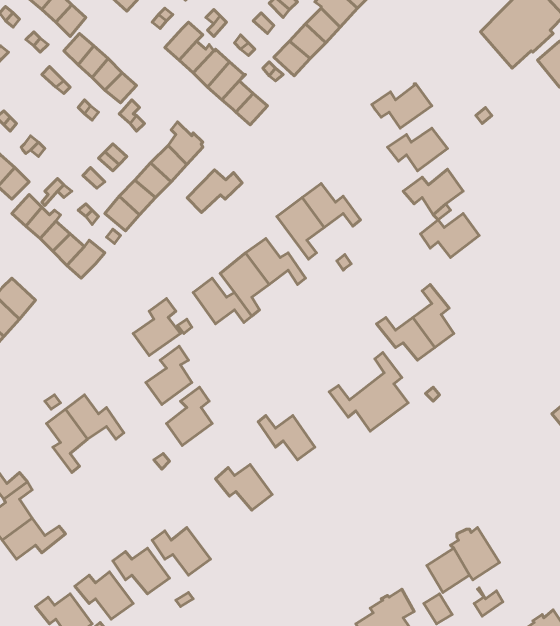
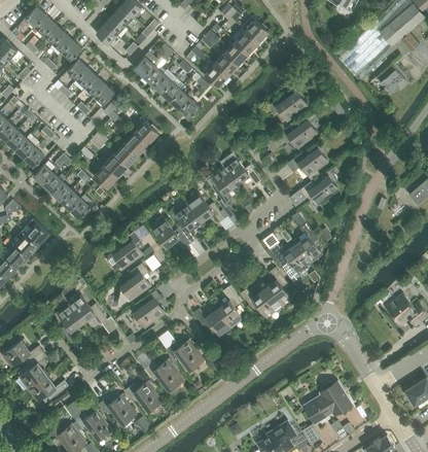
building: [187,170,242,212] -> none
building: none -> [216,286,244,328]
building: none -> [144,359,182,390]

